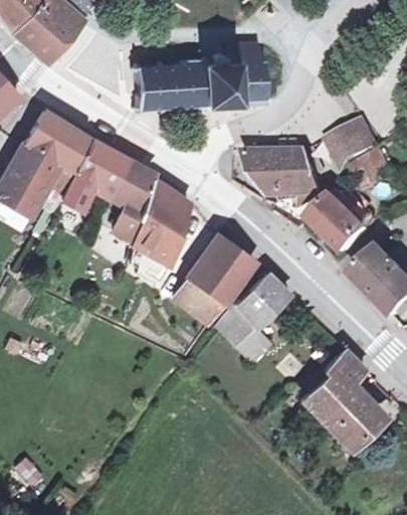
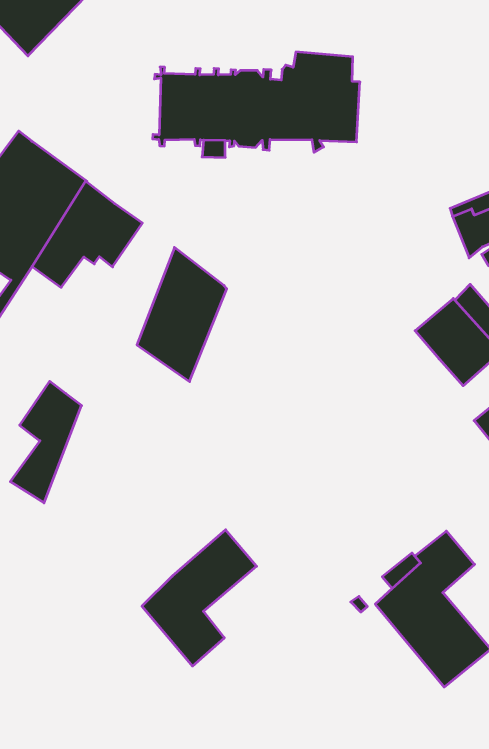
building: [248,147,325,210] -> none
building: [111,164,153,243] -> [10,381,82,503]
building: [175,234,254,324] -> none
building: [216,273,288,363] -> [142,530,257,666]

